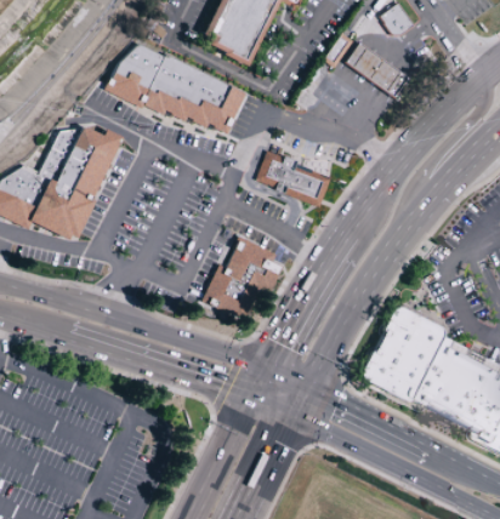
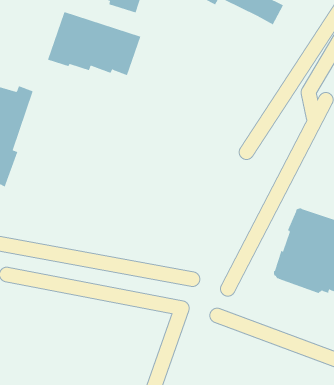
building: [104,45,165,109] -> none
building: [255,152,331,207] -> none
building: [201,238,283,321] -> none

